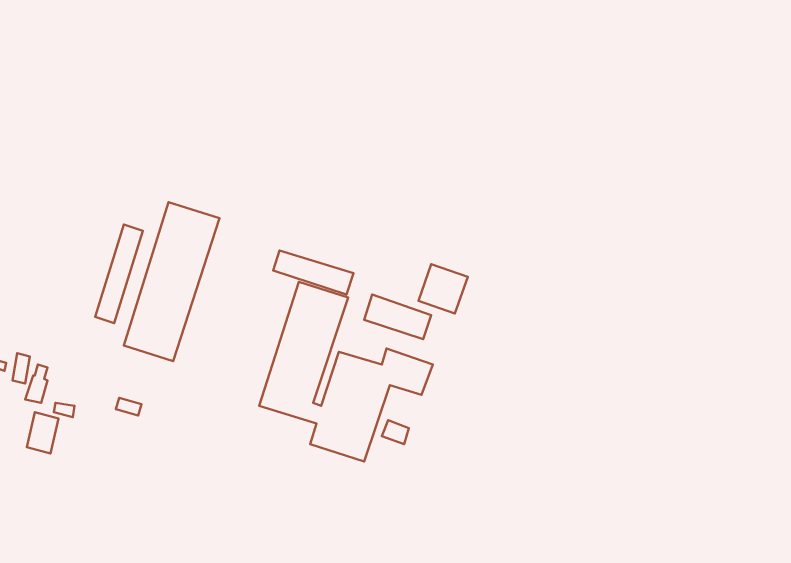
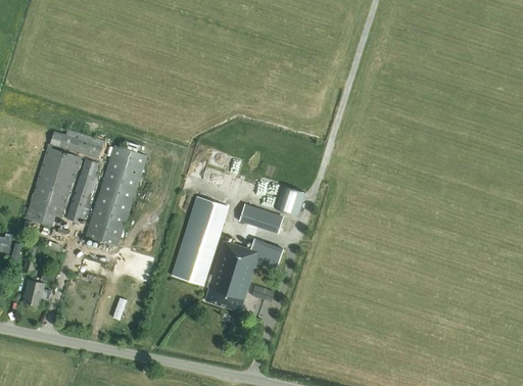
building: none -> [25,131,103,227]
building: [273,251,354,294] -> none

